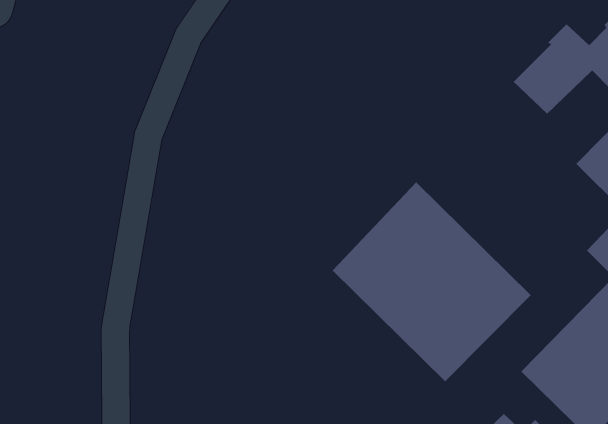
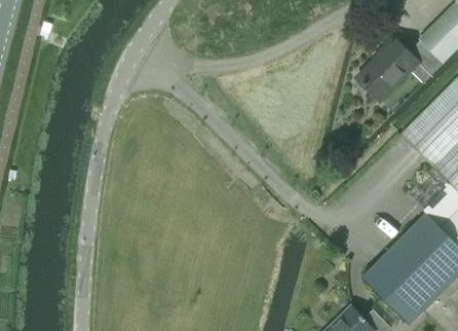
building: [332,182,531,382] -> none

